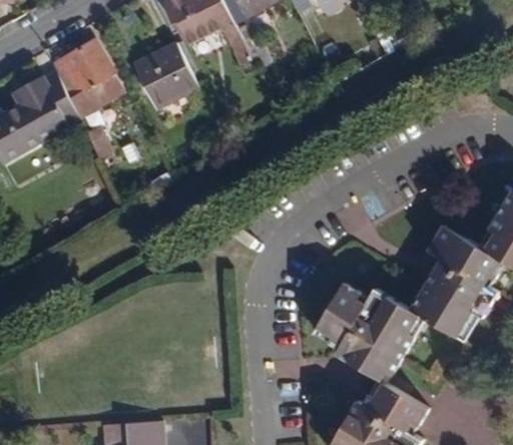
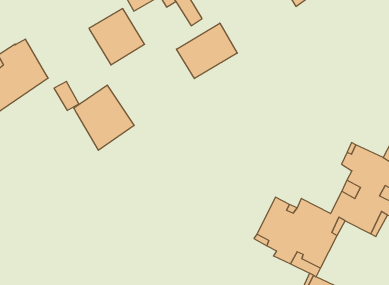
building: [51,39,123,117] -> [74,85,134,150]
building: none -> [176,23,237,79]

